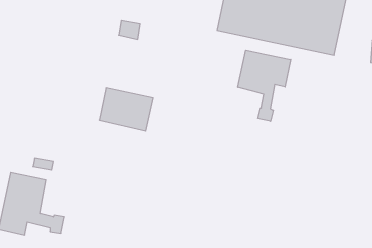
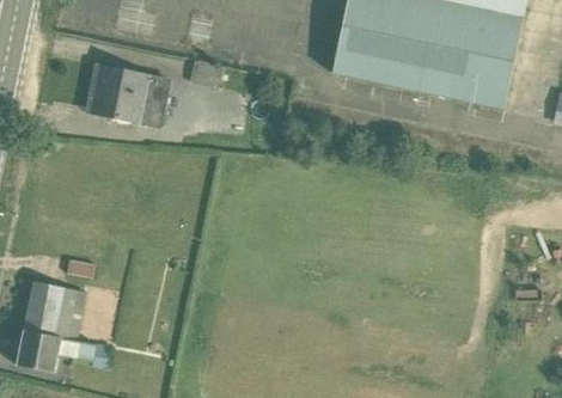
building: [238,50,291,121] -> none
building: [99,88,153,131] -> [92,65,170,127]

